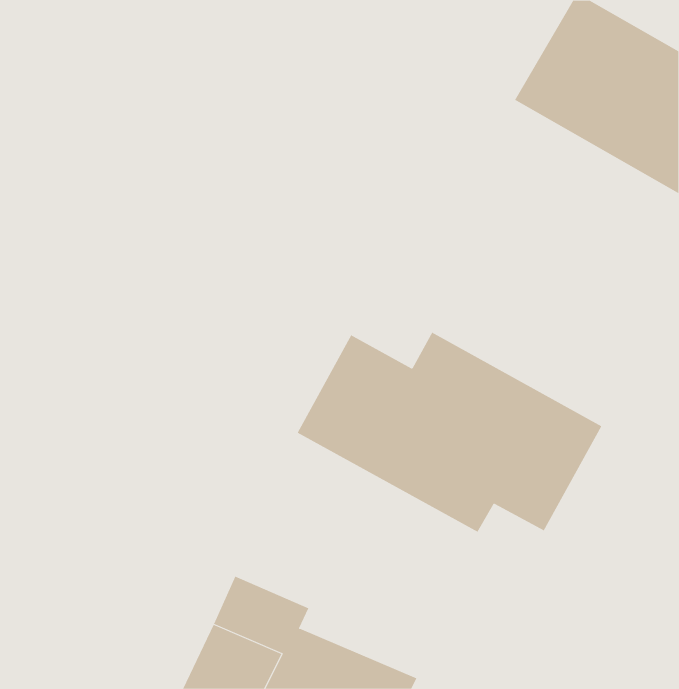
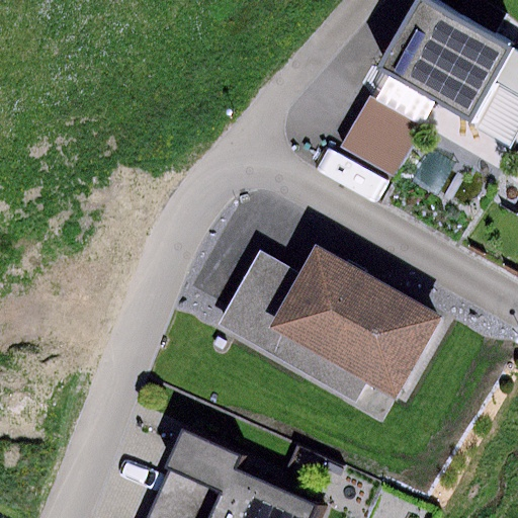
building: none -> [338,97,418,177]

